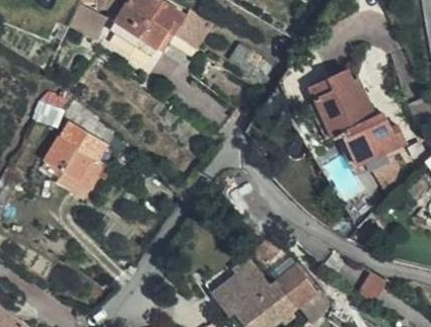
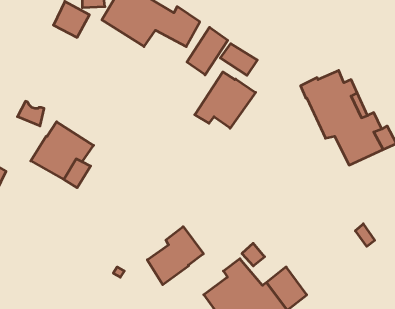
building: none -> [187,27,228,75]
building: none -> [195,72,256,128]
building: none -> [147,227,203,285]

